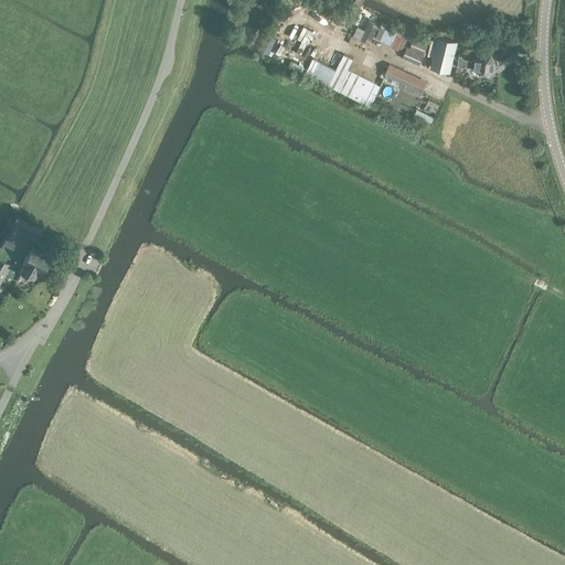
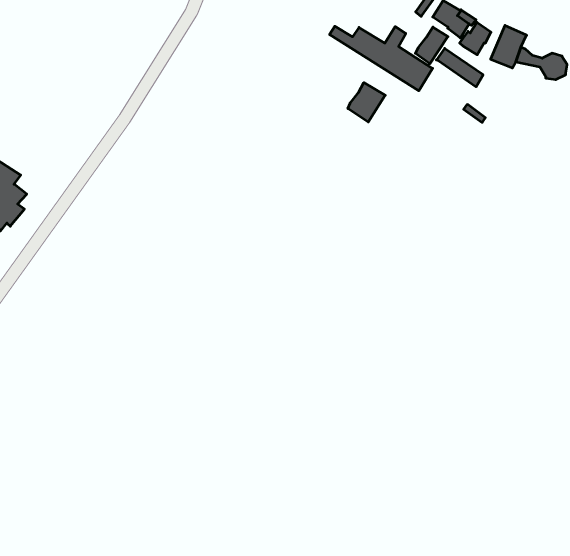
building: none -> [415,27,448,64]
building: none -> [348,83,385,122]

